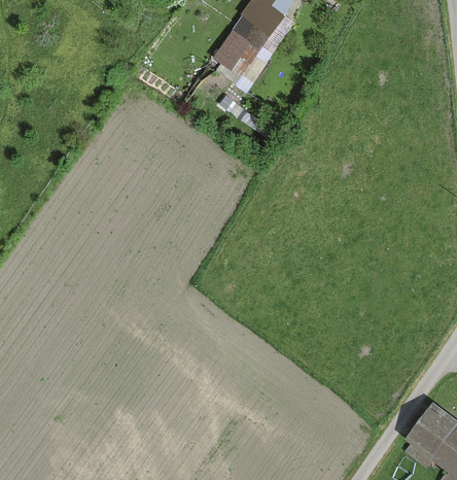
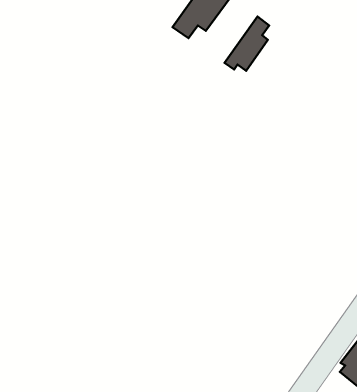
building: none -> [224,17,269,71]

